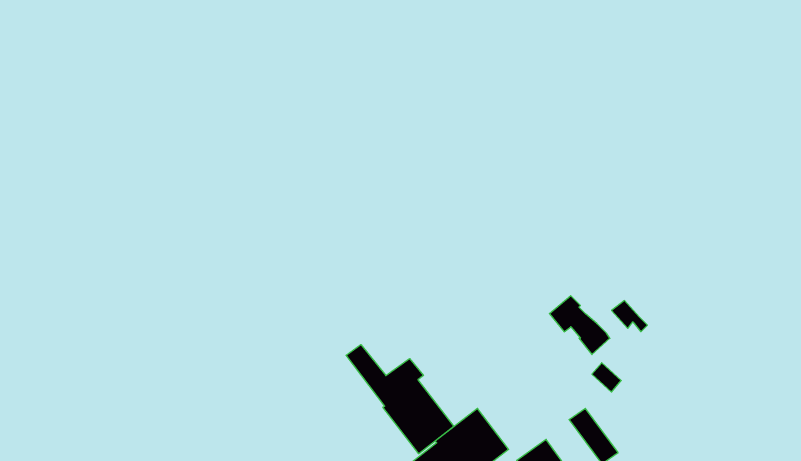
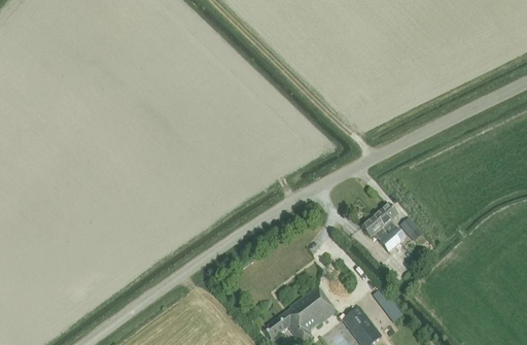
building: none -> [374,205,405,243]
building: [346,345,454,454] -> none

